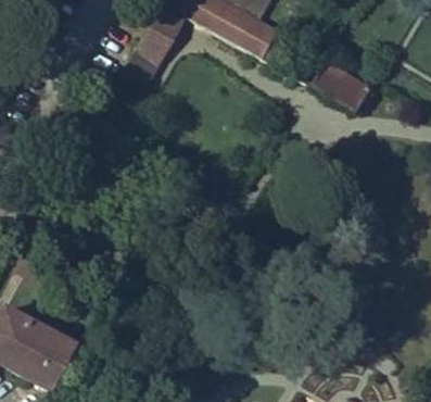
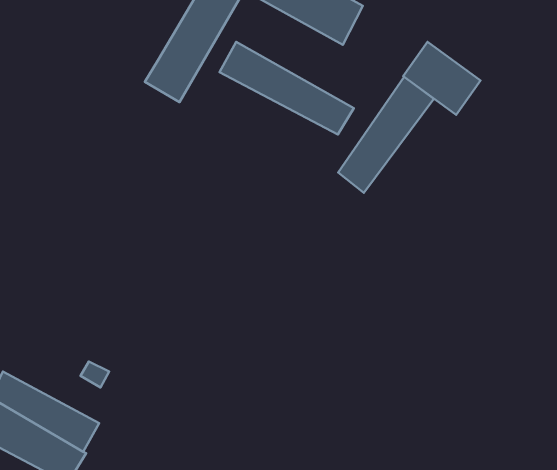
building: none -> [219,42,354,134]
building: none -> [338,77,434,193]

